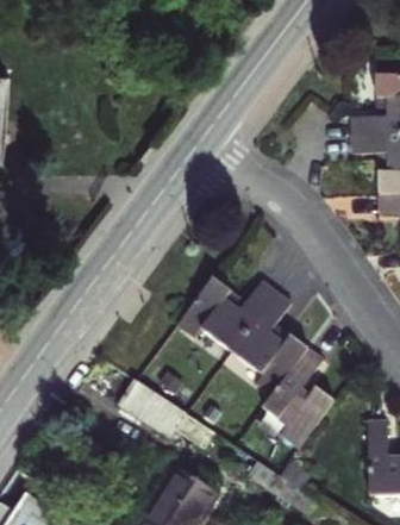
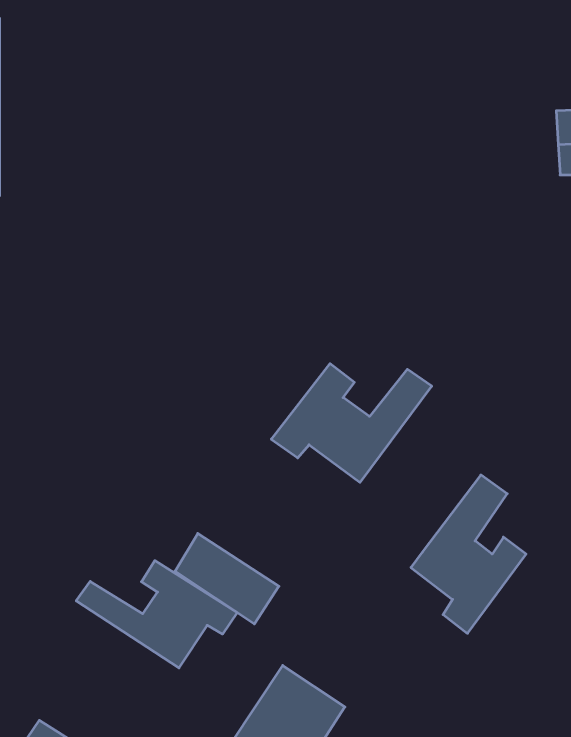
building: [231,289,307,394] -> none
building: none -> [76,561,237,668]

